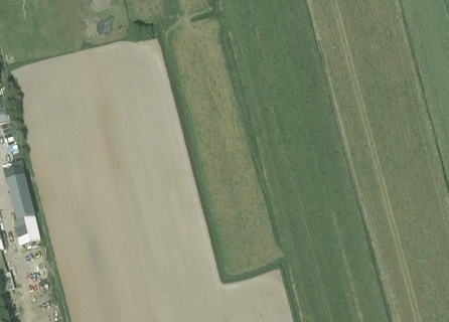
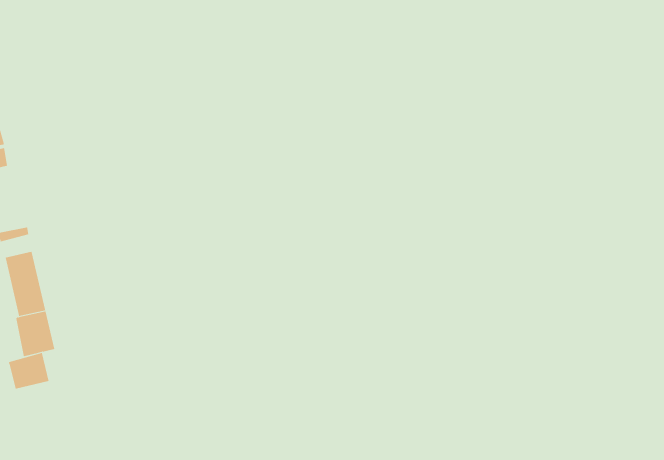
building: none -> [8,352,49,390]

